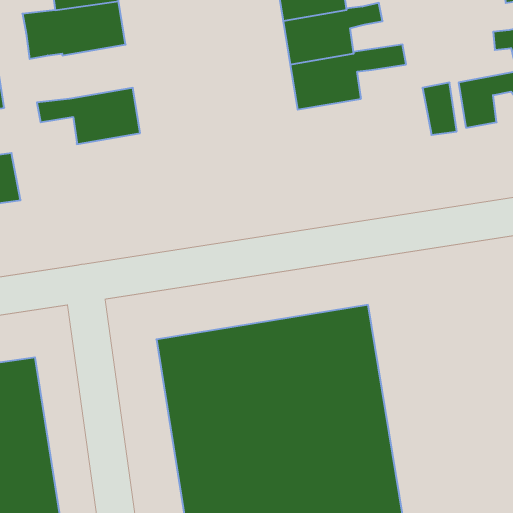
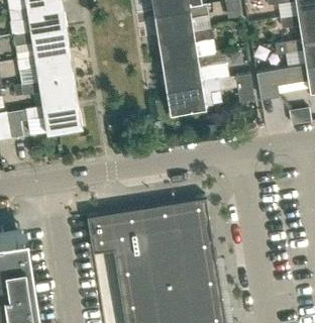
building: none -> [17,52,75,85]
building: none -> [167,80,220,113]
building: none -> [26,102,83,135]

